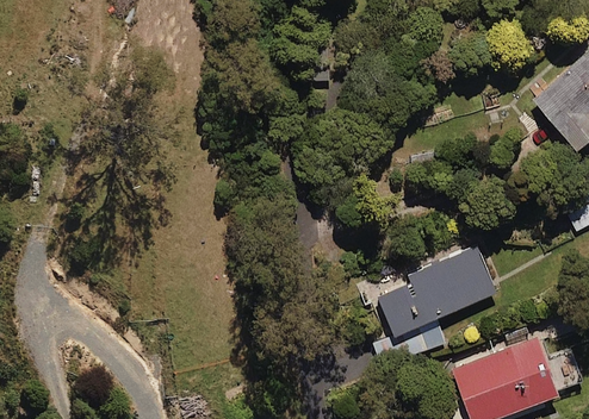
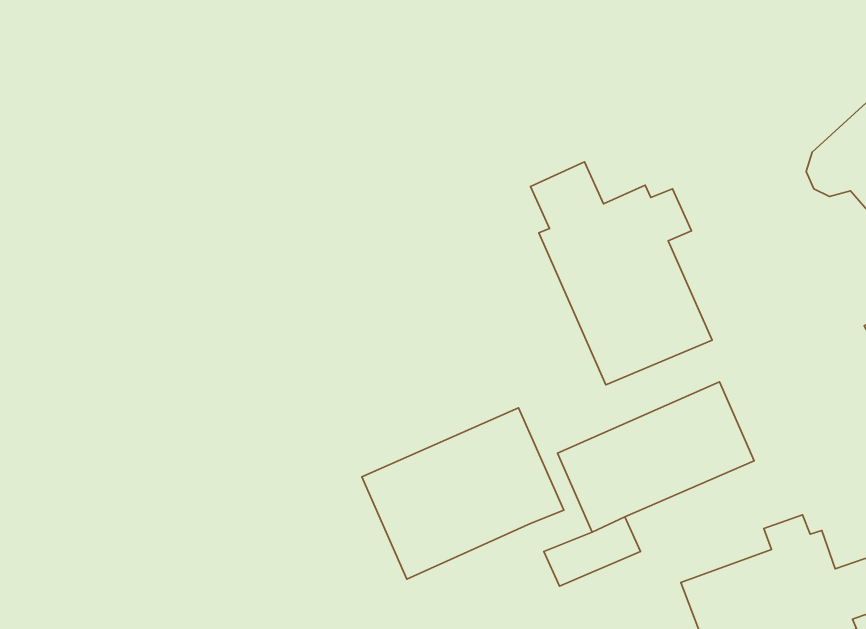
building: none -> [531,162,712,385]
building: none -> [362,408,564,579]

